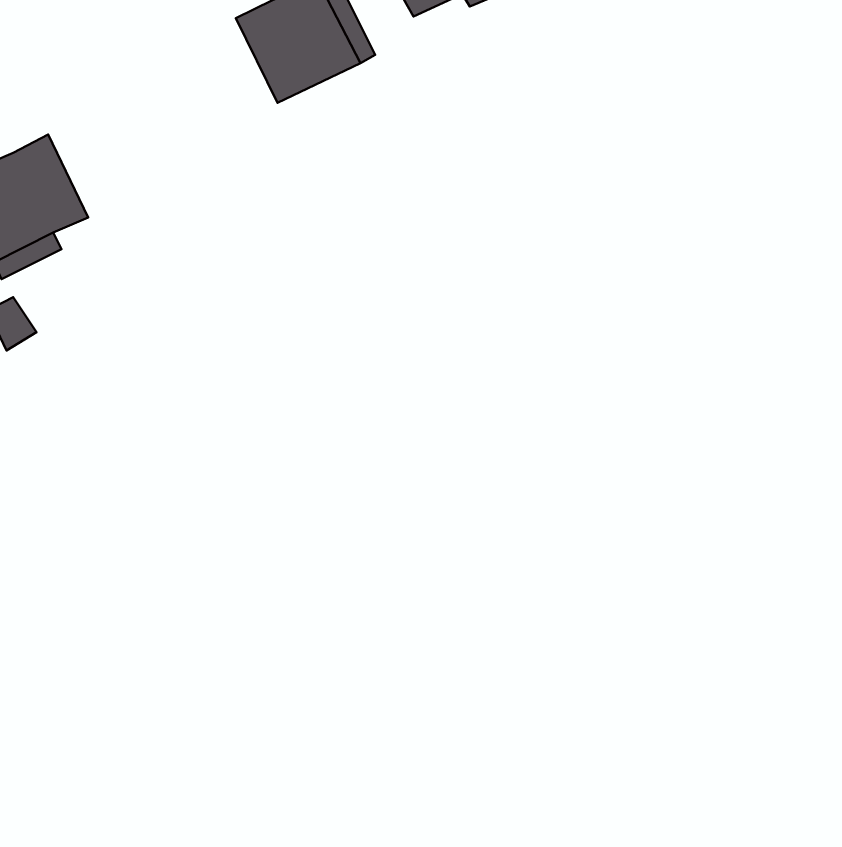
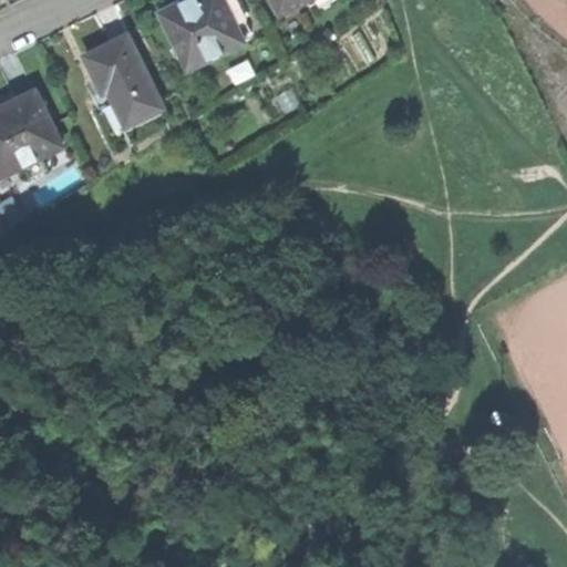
building: none -> [82,34,158,123]

